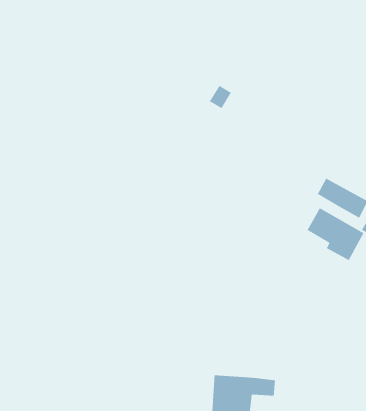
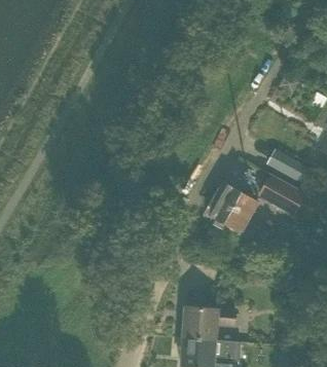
building: none -> [209,184,268,246]

